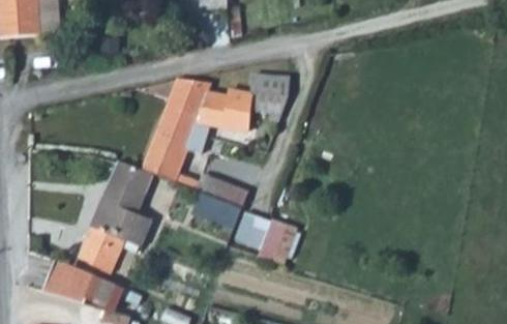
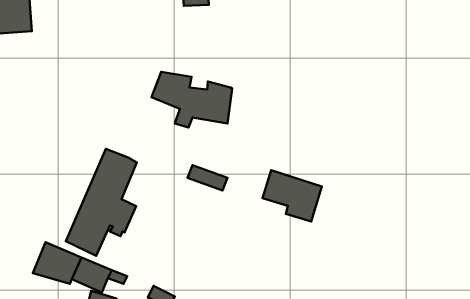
building: [250,75,289,122] -> none
building: [142,105,206,182] -> none
building: [192,193,240,231] -> none
building: [237,207,300,262] -> [262,170,322,222]

